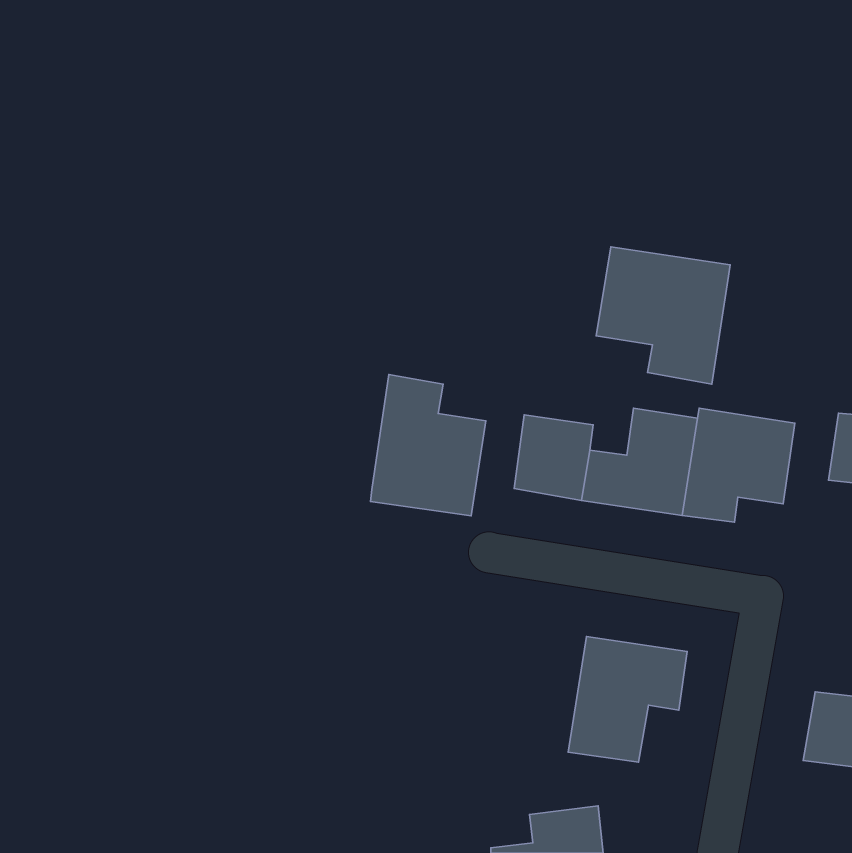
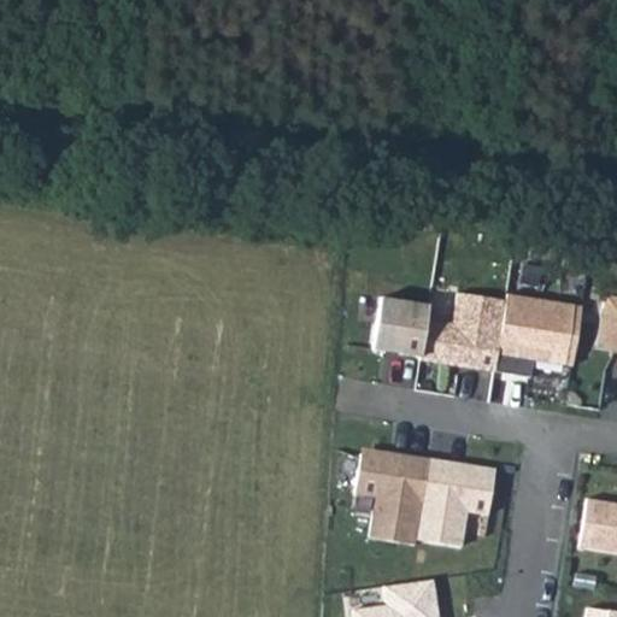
building: [596,247,730,384] -> none
building: [370,375,486,516] -> none
building: none -> [354,447,425,546]

